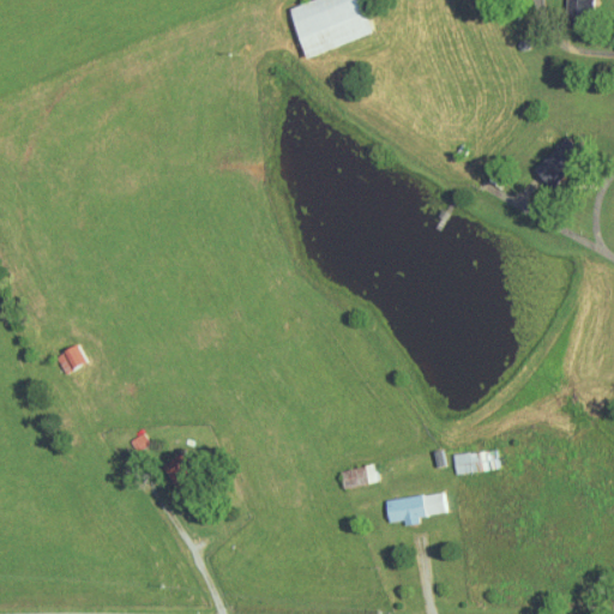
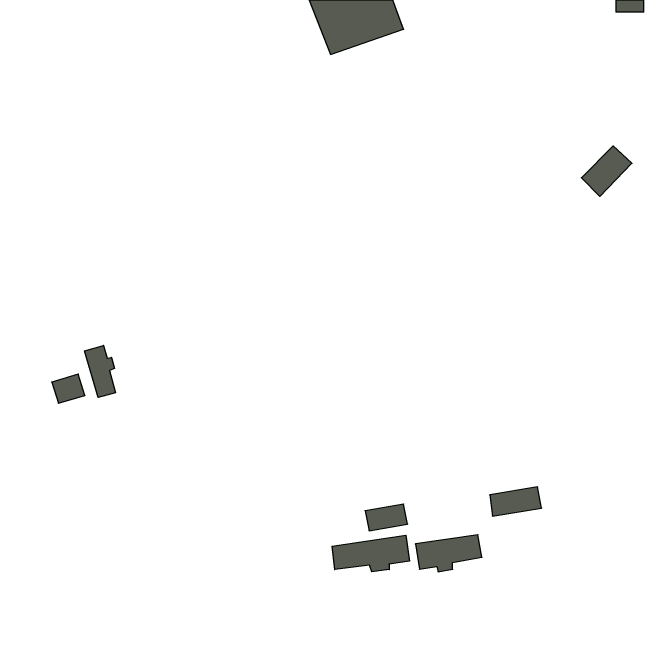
building: none -> [84,345,116,397]
building: none -> [332,535,409,572]

